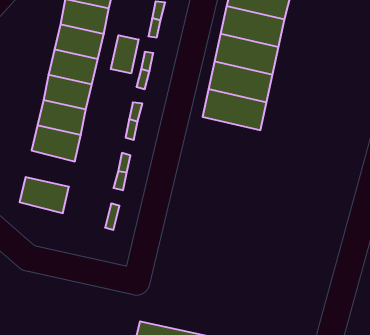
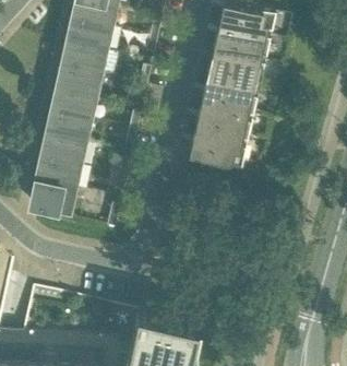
building: [111,35,139,73] -> none
building: none -> [187,133,246,172]
building: none -> [33,164,77,197]

